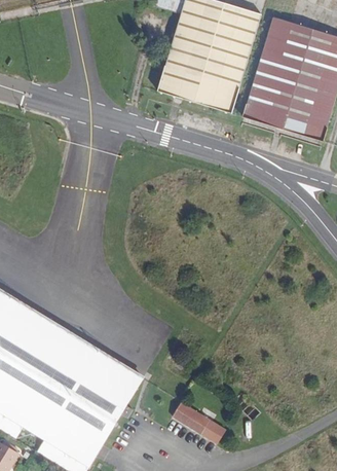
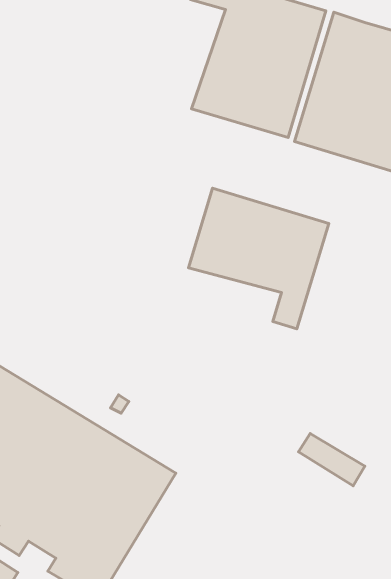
building: none -> [188,188,329,329]
building: [175,406,227,447] -> [298,433,365,486]

